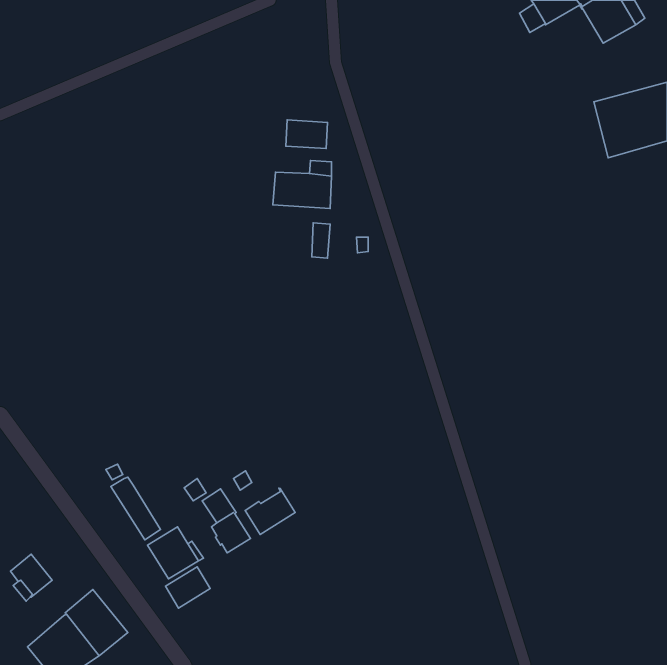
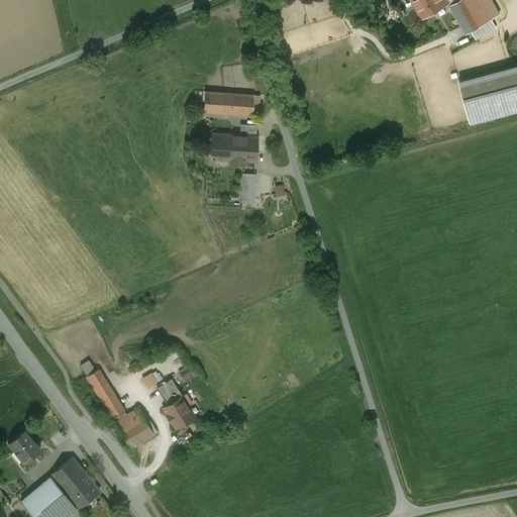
building: none -> [203,93,222,114]
building: [245,488,295,535] -> none
building: [165,567,210,608] -> none

